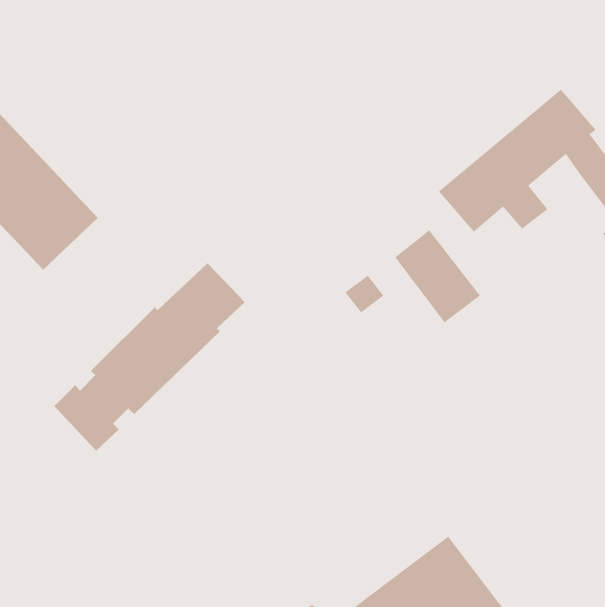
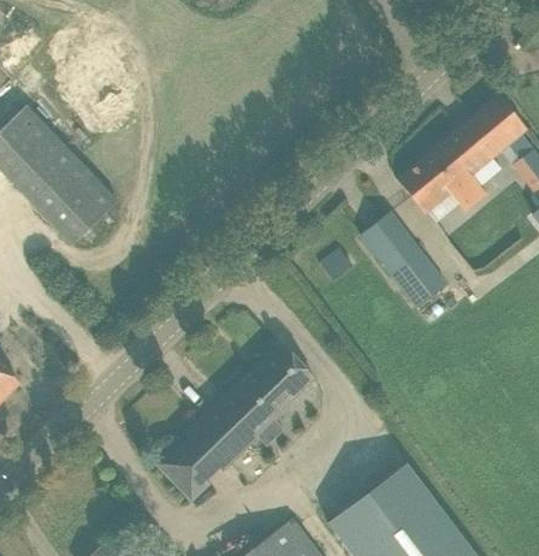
building: [54,262,245,451] -> [156,345,314,501]
building: none -> [402,265,446,308]

